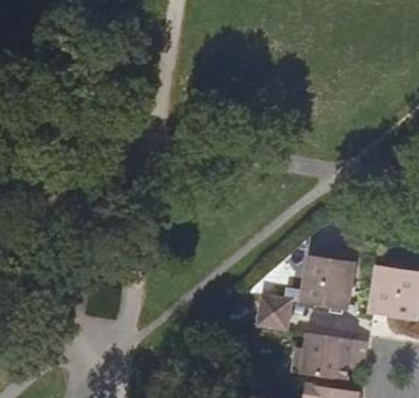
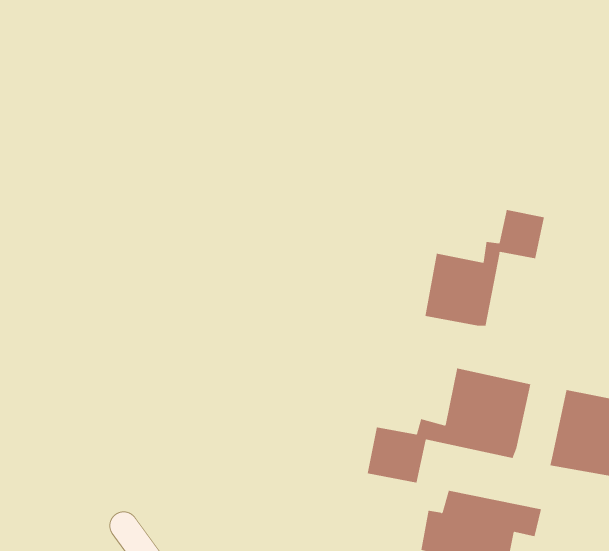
building: none -> [425,209,544,326]

